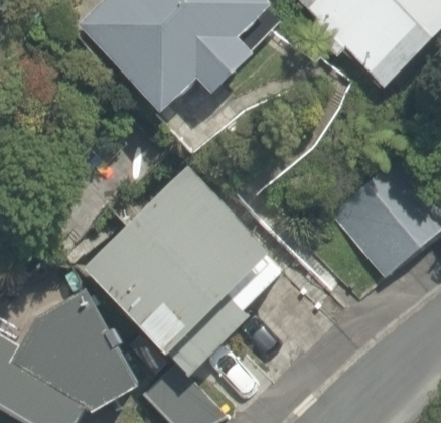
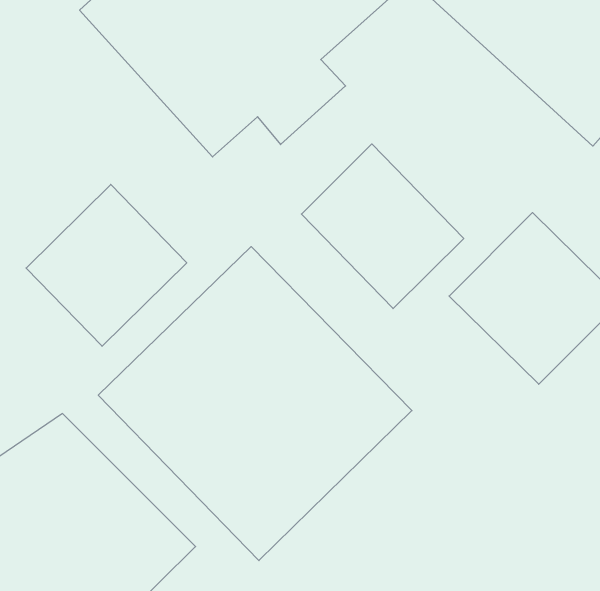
building: none -> [301,144,464,309]
building: none -> [26,184,187,346]

